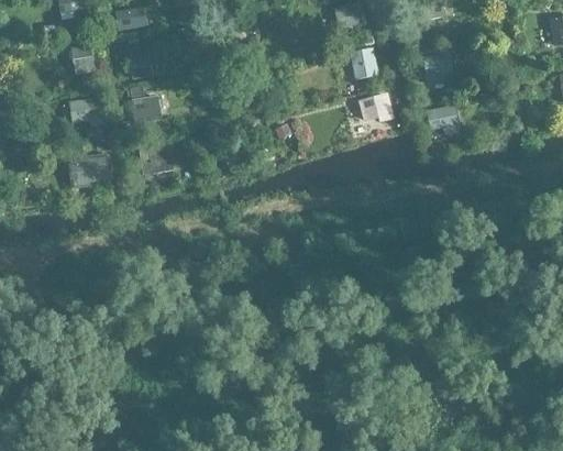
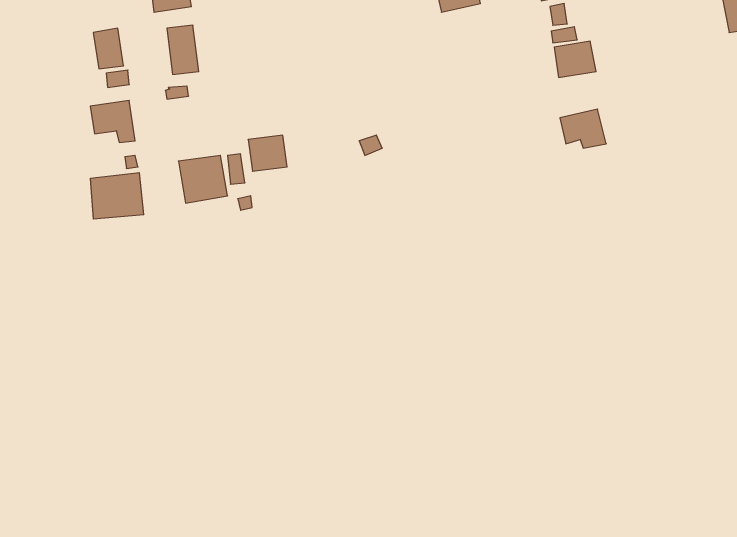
building: [350,47,379,80] -> none
building: [358,92,394,122] -> none
building: [132,96,162,123] -> [248,135,287,171]

